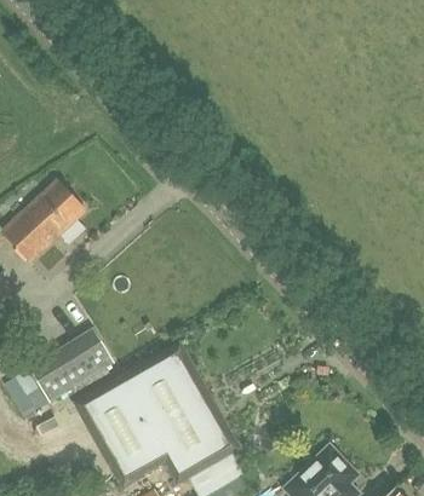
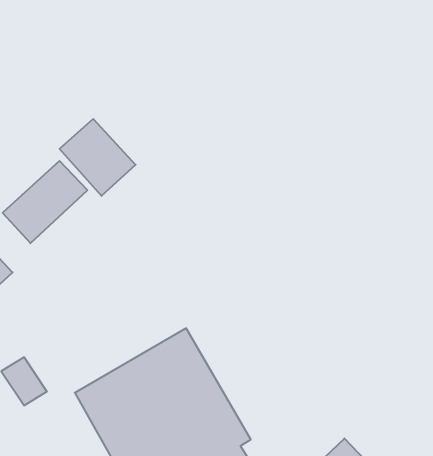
building: none -> [60,119,136,196]
building: [28,331,107,397] -> none

